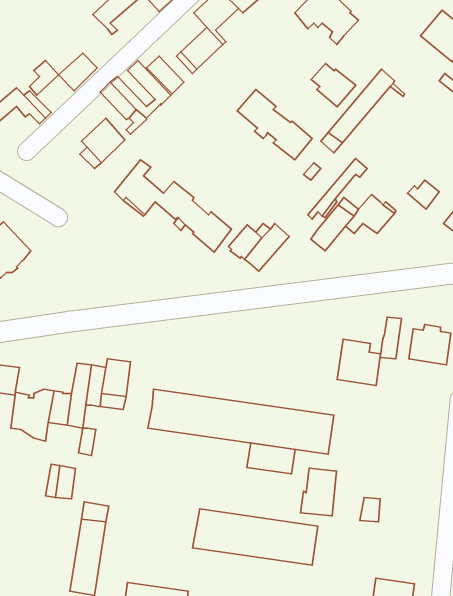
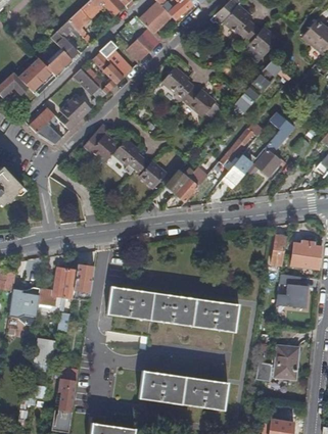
building: none -> [50,20,78,59]
building: [311,64,356,107] -> [245,25,277,55]
building: none -> [29,108,60,145]
building: none -> [265,112,293,153]
building: [337,339,381,385] -> [277,273,308,305]
building: [247,443,295,474] -> none
building: [301,468,337,516] -> [274,345,299,379]

